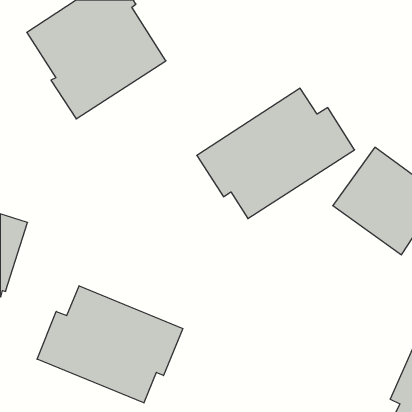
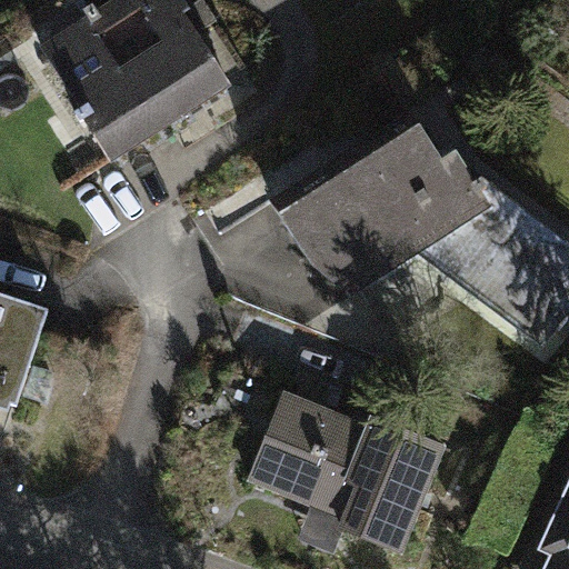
building: none -> [248,390,448,553]
building: [37,286,183,403] -> none

